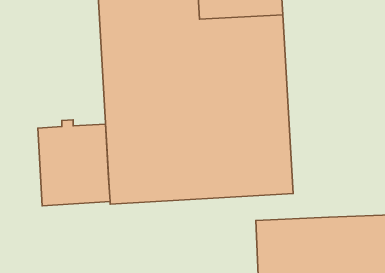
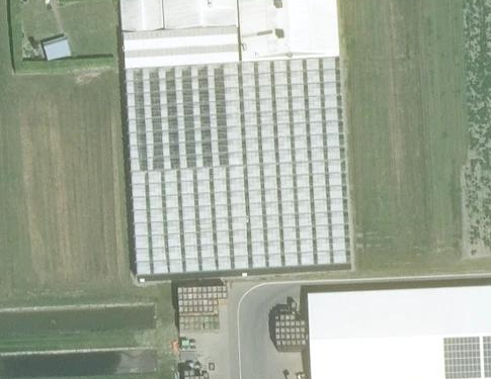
building: [38,120,110,206] -> none

